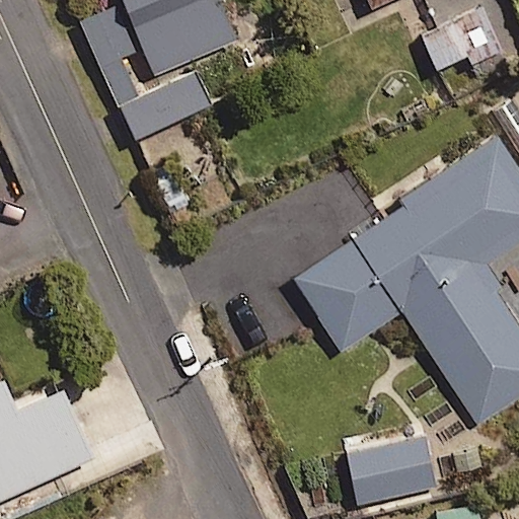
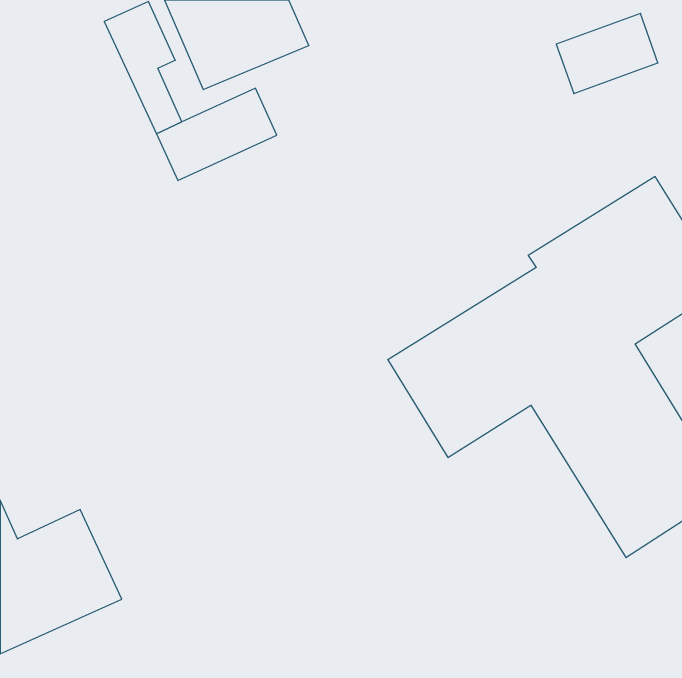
building: [346,433,435,505] -> none

